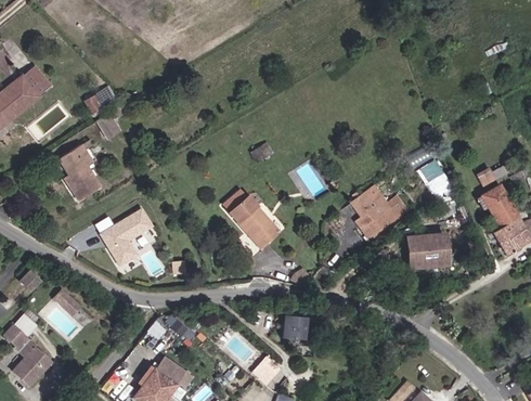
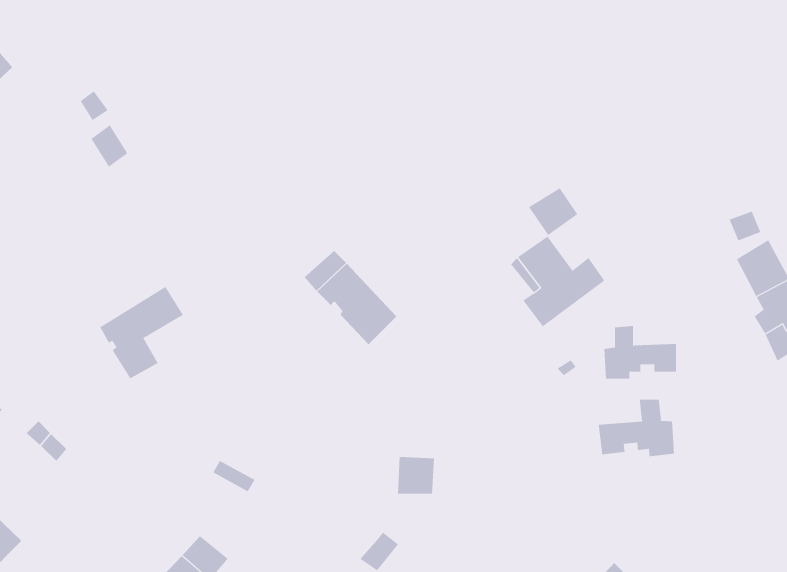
building: [55,144,96,200] -> none
building: [419,158,450,187] -> [528,187,578,236]
building: none -> [598,399,674,457]

